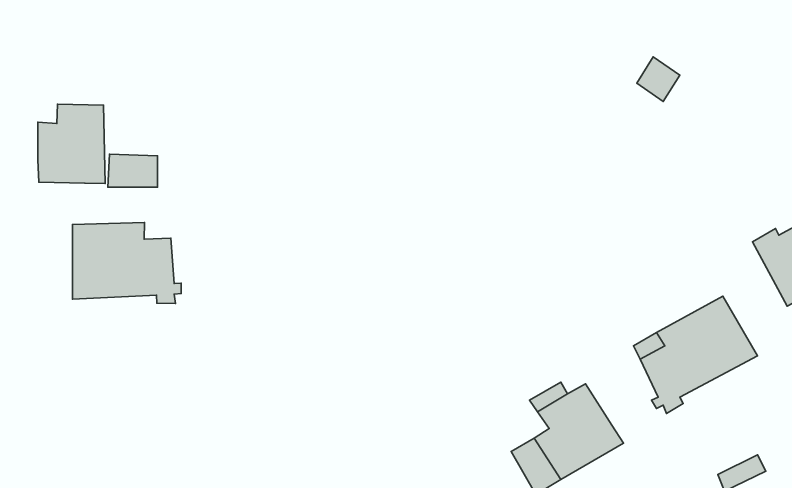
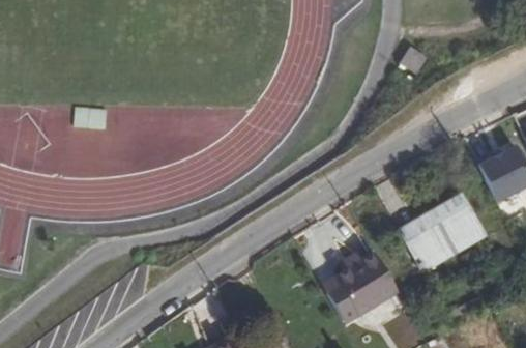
building: [38,104,105,184] -> none
building: [73,222,181,304] -> none

